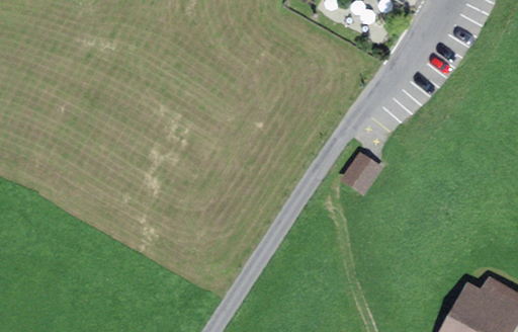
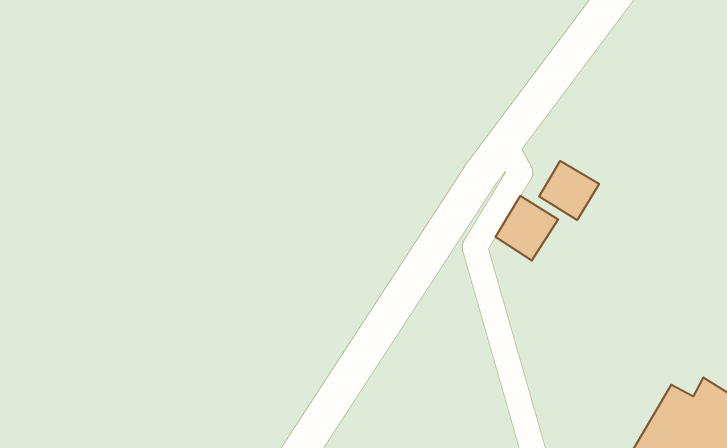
building: none -> [539,161,599,220]

